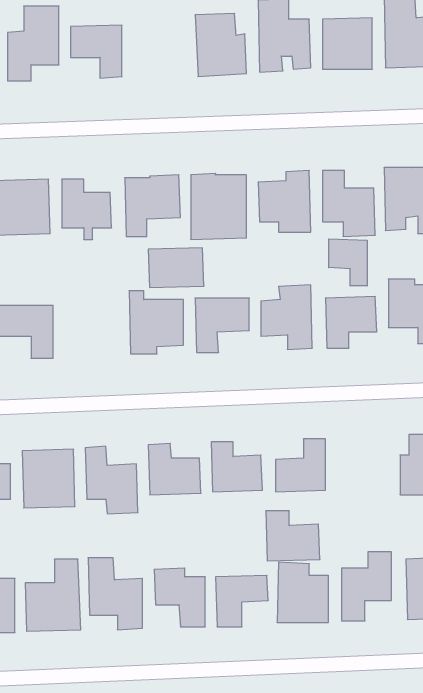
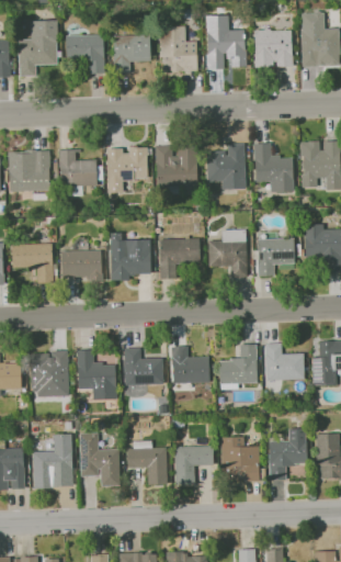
building: none -> [113,35,150,70]
building: [329,239,367,286] -> none
building: [148,248,204,287] -> [60,249,102,279]
building: [266,511,320,561] -> [264,342,305,380]

